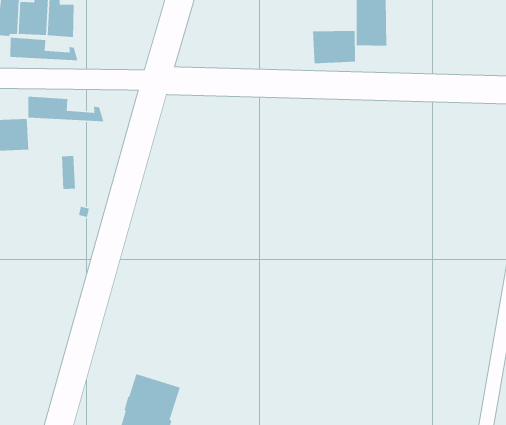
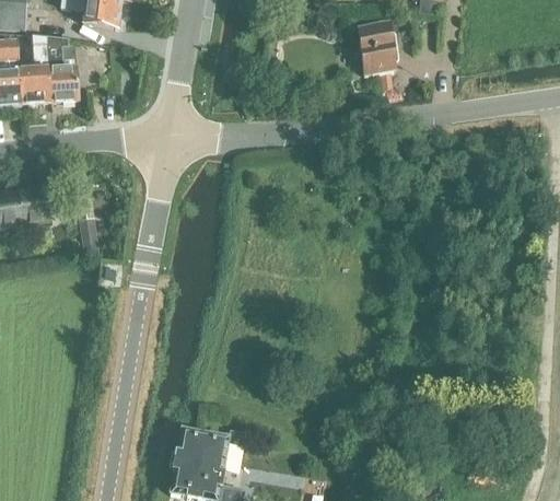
building: [312,30,356,64] -> none
building: [10,37,78,61] -> none
building: [27,96,105,122] -> none

